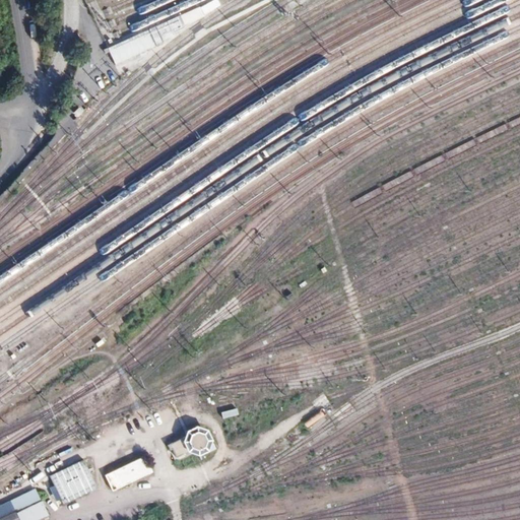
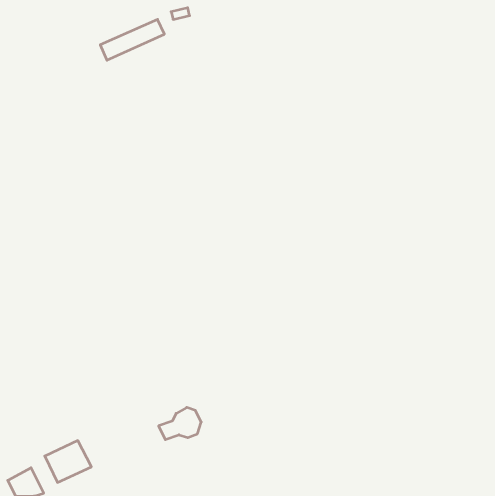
building: [102,456,150,492] -> none

